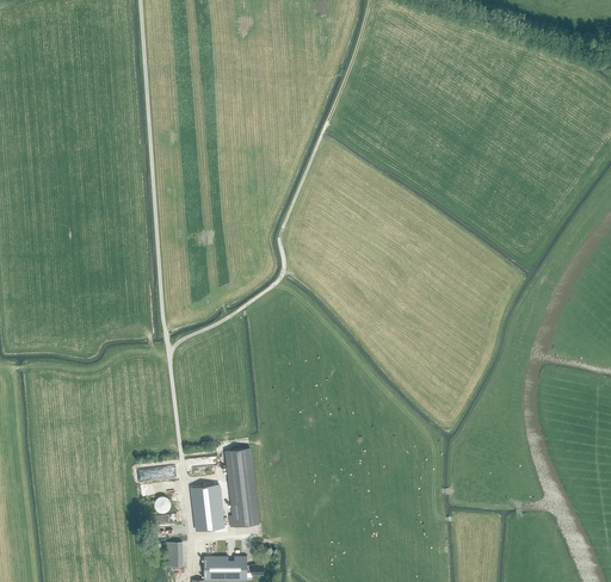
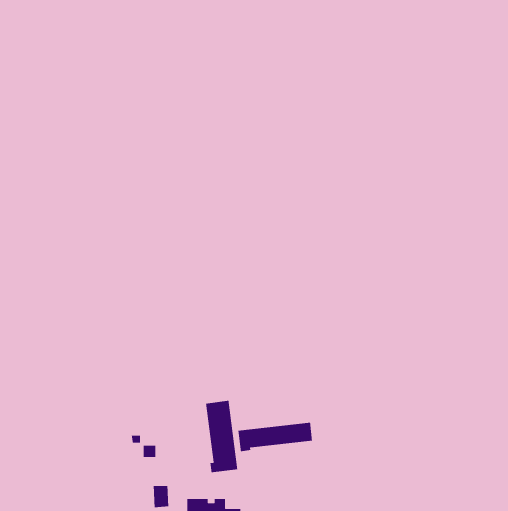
building: none -> [238,422,313,452]
building: [190,484,227,531] -> none

